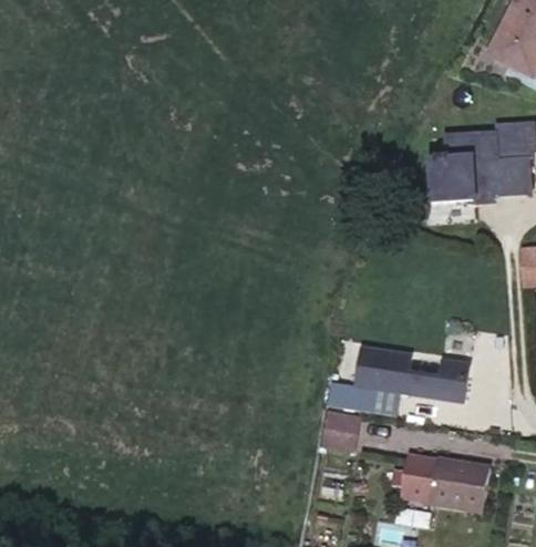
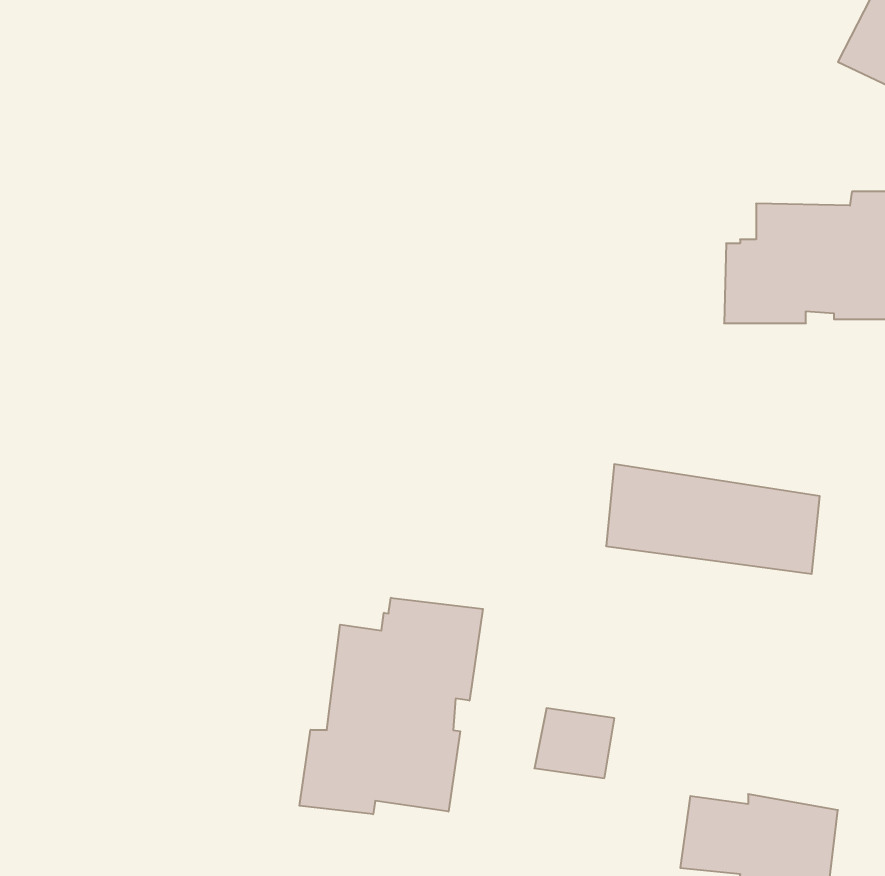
building: [339,344,457,405] -> [606,464,820,574]
building: none -> [299,598,483,814]

